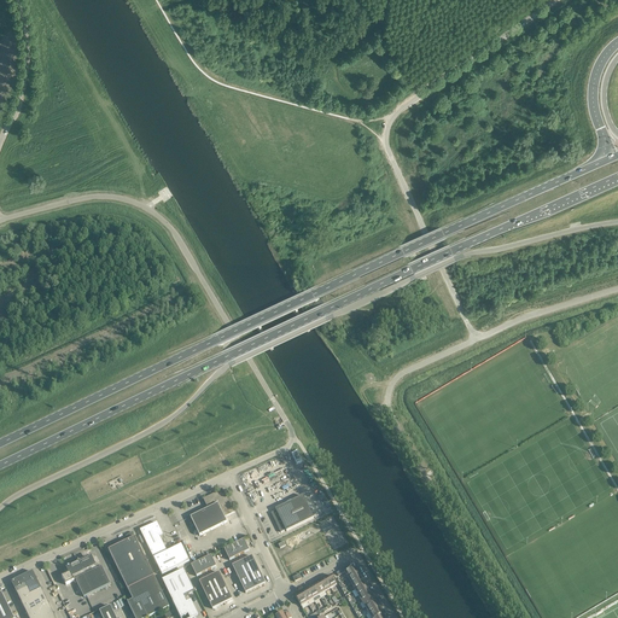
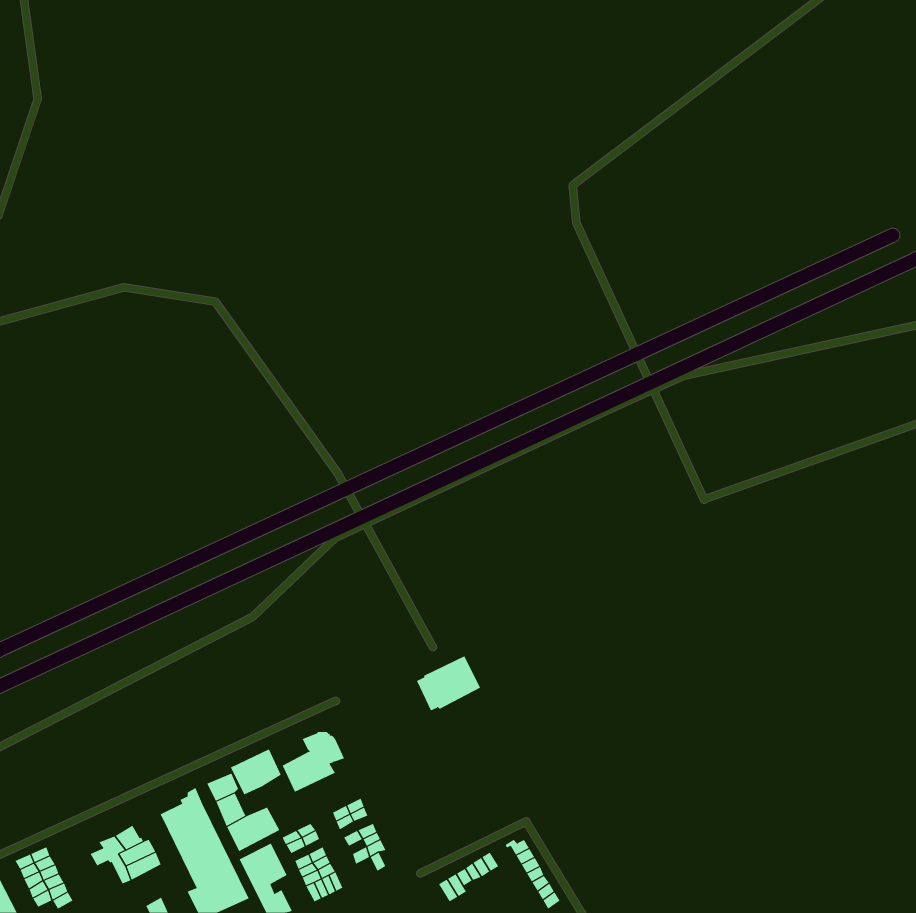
building: [269,492,313,530] -> [416,656,481,711]
building: none -> [230,748,282,795]

